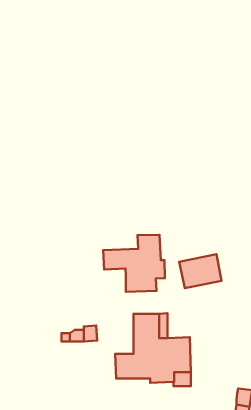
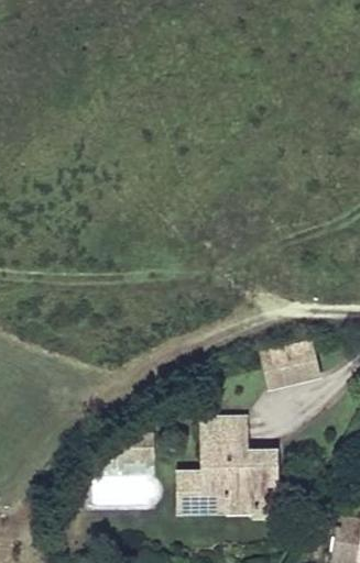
building: [103,235,165,292] -> none

